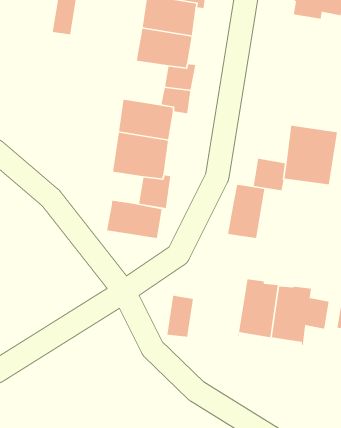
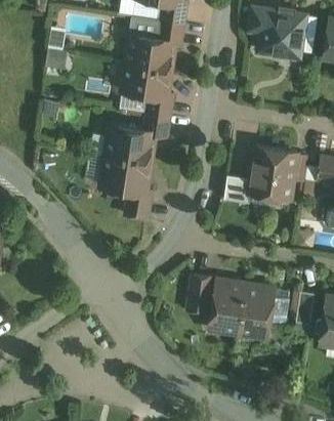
building: [227,184,265,239] -> none
building: [106,200,162,239] -> none
building: [167,295,194,337] -> [189,276,212,312]

